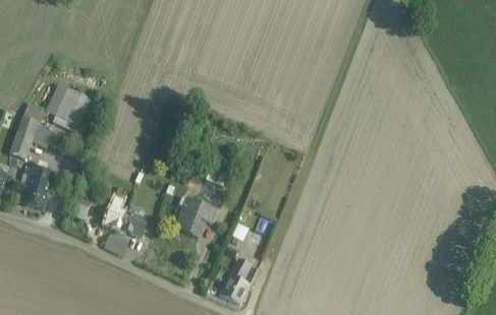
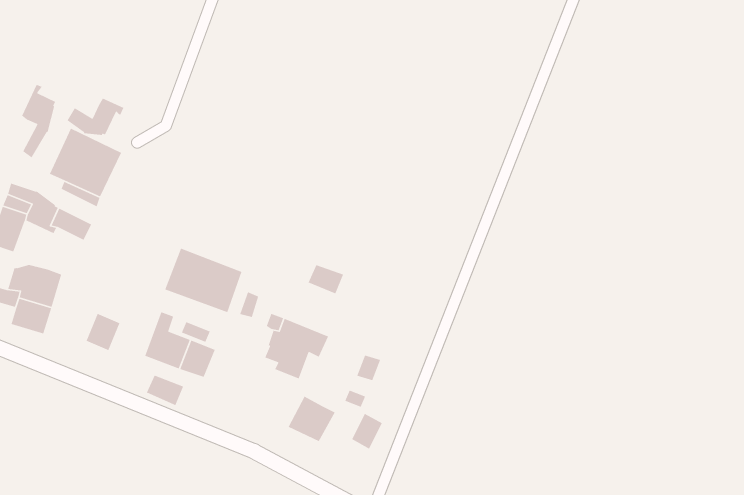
building: none -> [21,84,56,158]
building: none -> [67,97,124,136]
building: none -> [164,247,243,313]
building: [220,272,250,301] -> [287,395,336,442]

